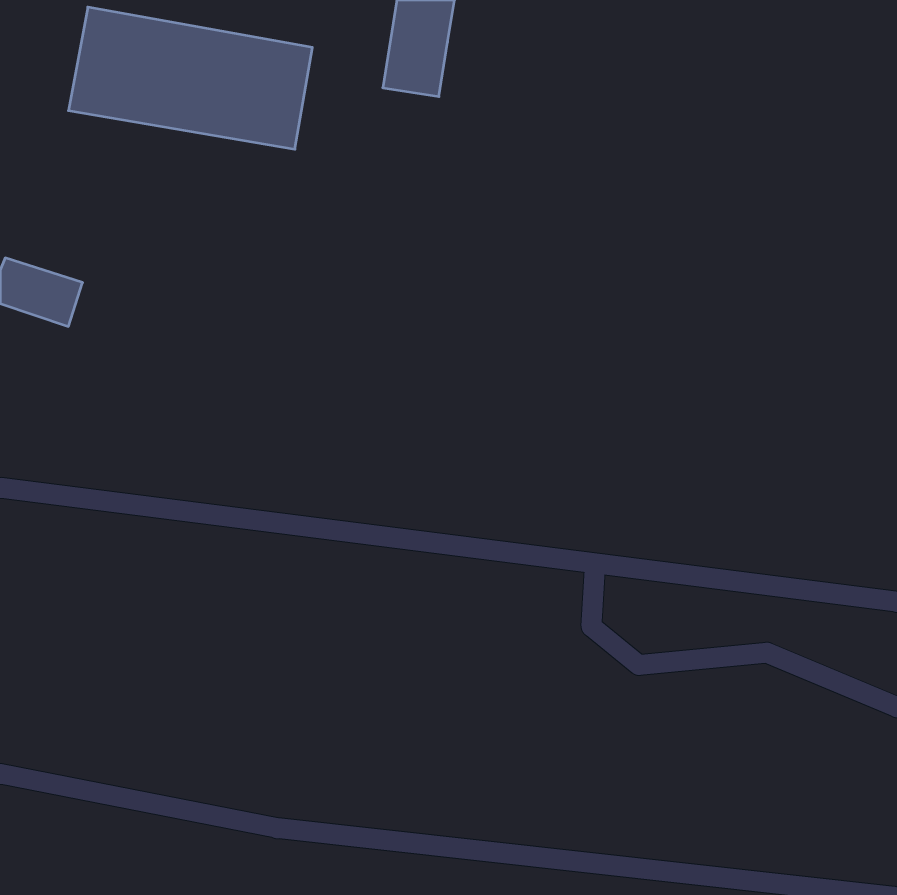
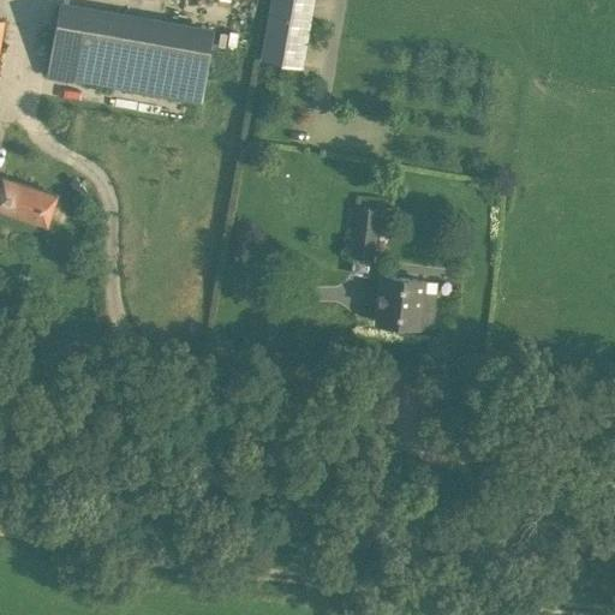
building: none -> [353,209,378,247]
building: none -> [377,277,435,330]

